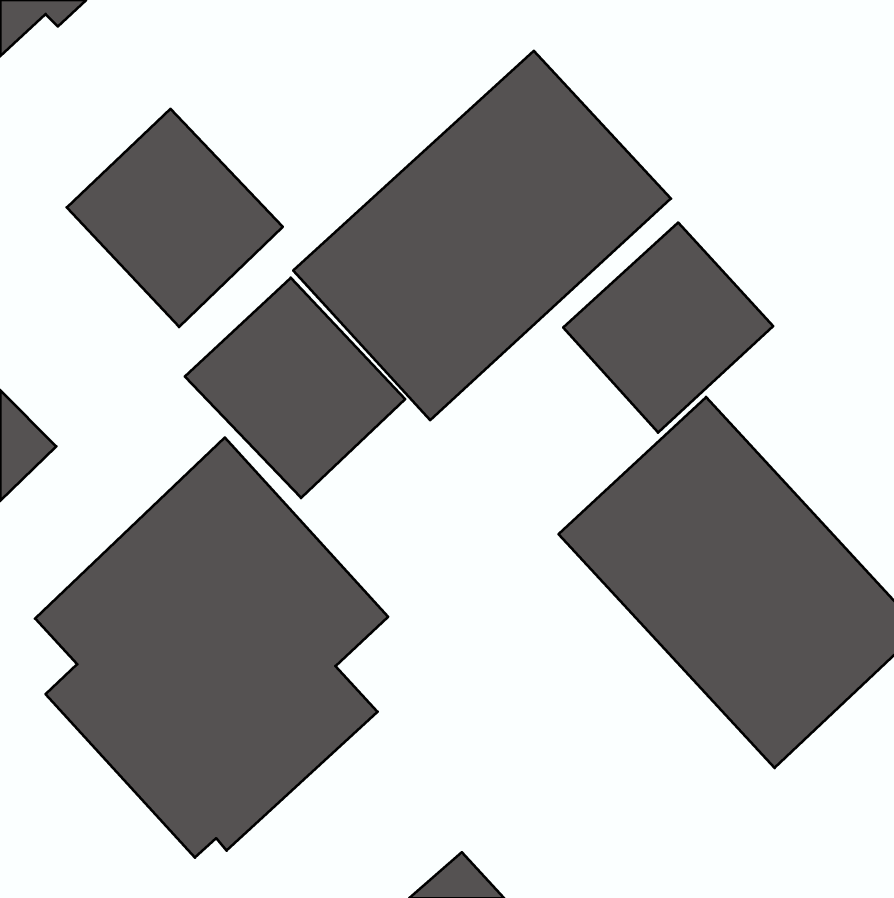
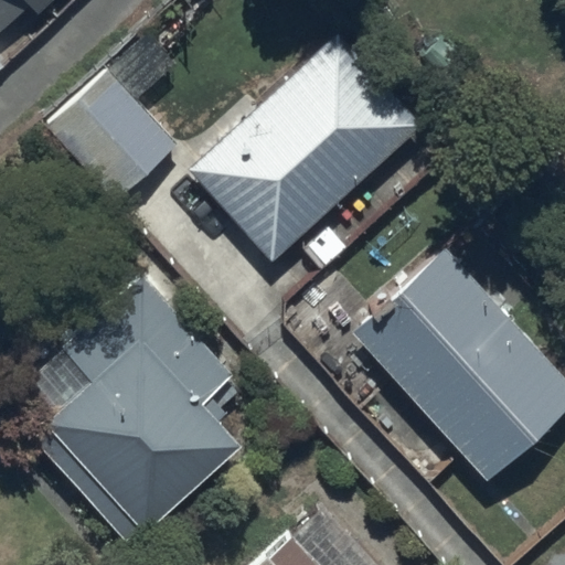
building: [563,223,773,433] -> none
building: [185,278,405,498] -> none

